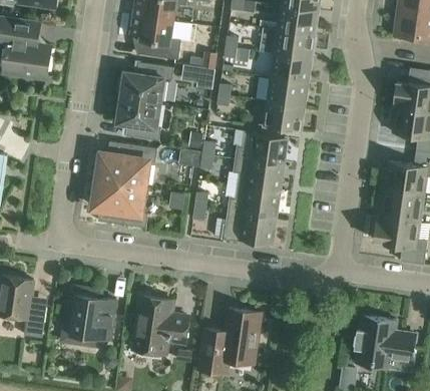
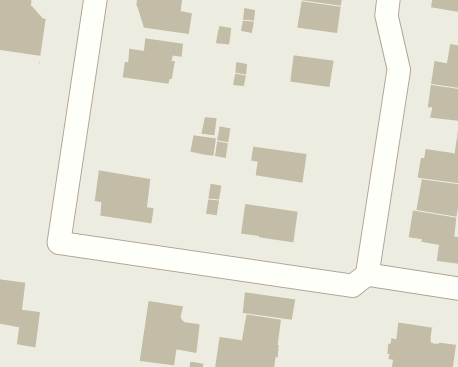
building: [271,53,311,82] -> none
building: [181,64,214,84] -> none
building: [116,97,160,140] -> none
building: [264,101,304,130] -> none
building: [235,132,287,165] -> none
building: [97,141,157,187] -> none
building: [228,184,280,217] -> none
building: [63,286,116,340] -> none
building: none -> [242,292,296,320]

